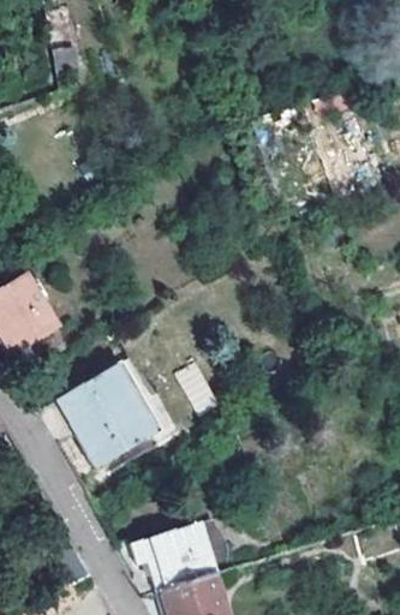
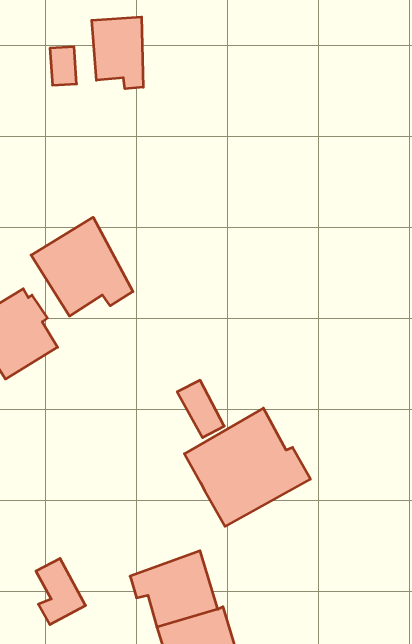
building: none -> [92,17,143,89]
building: none -> [31,217,133,316]
building: [55,356,174,467] -> [184,408,310,526]

